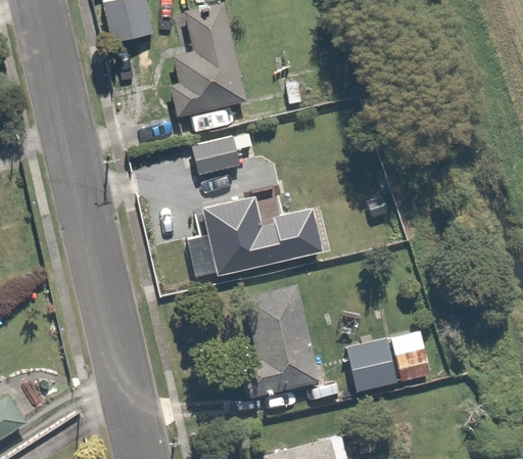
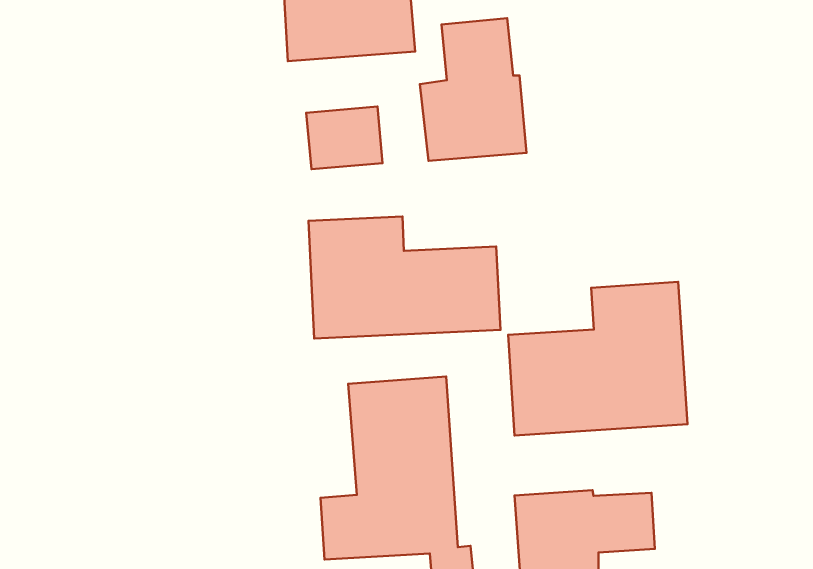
building: none -> [420,18,526,161]
building: none -> [508,282,687,436]

